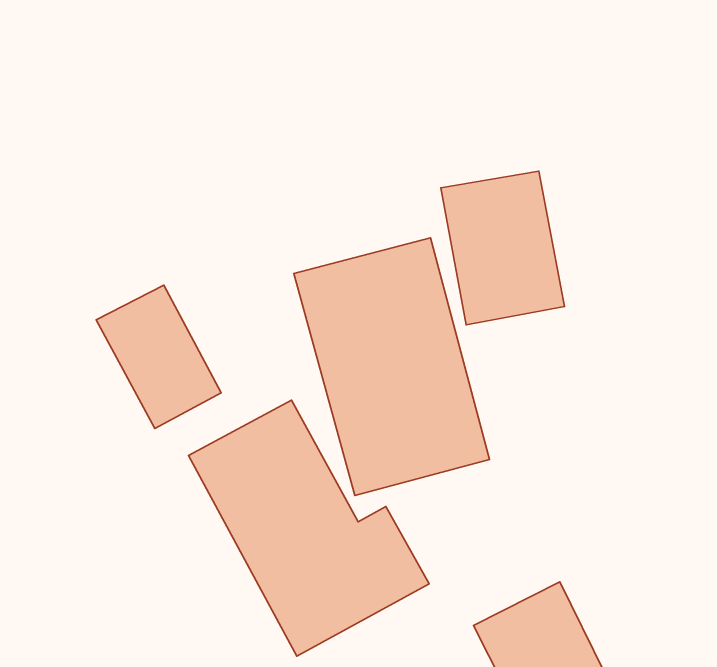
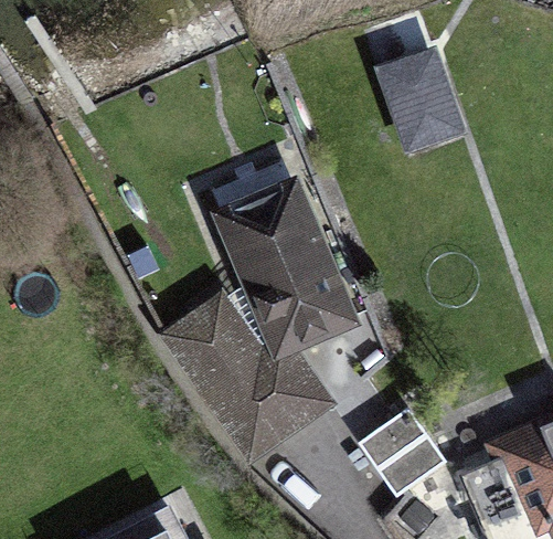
building: [441,171,565,325] -> [376,49,466,154]
building: [96,285,221,429] -> none

